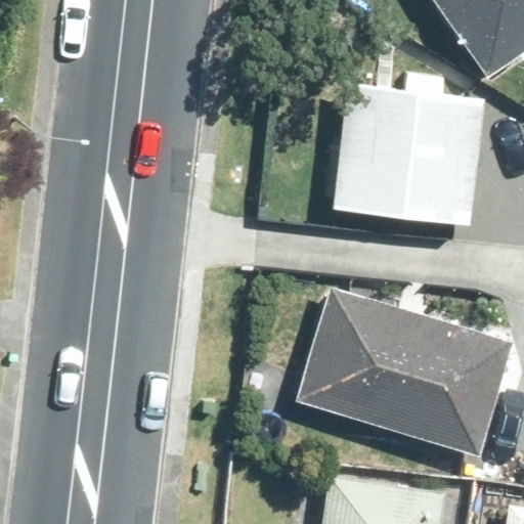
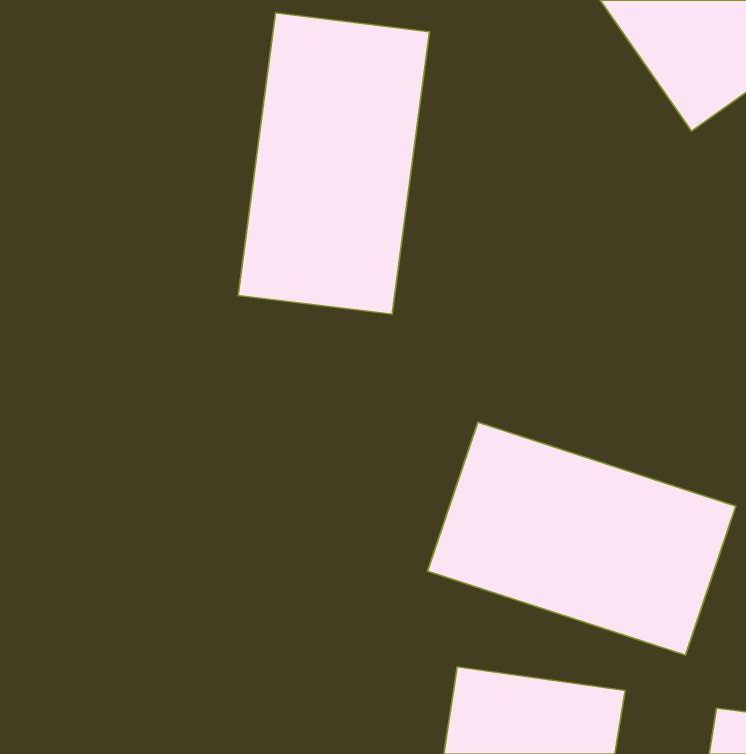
building: none -> [238,13,429,314]
building: [341,89,480,225] -> none

